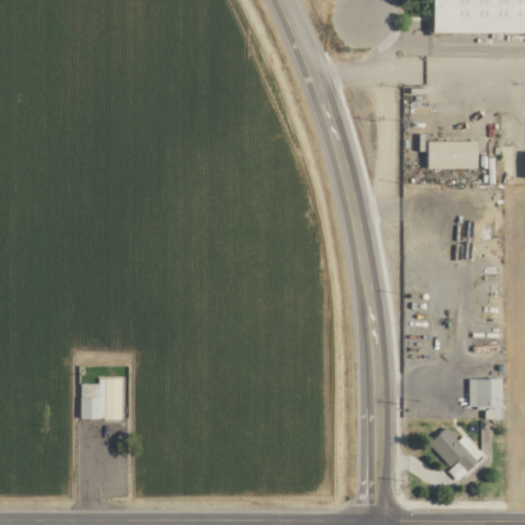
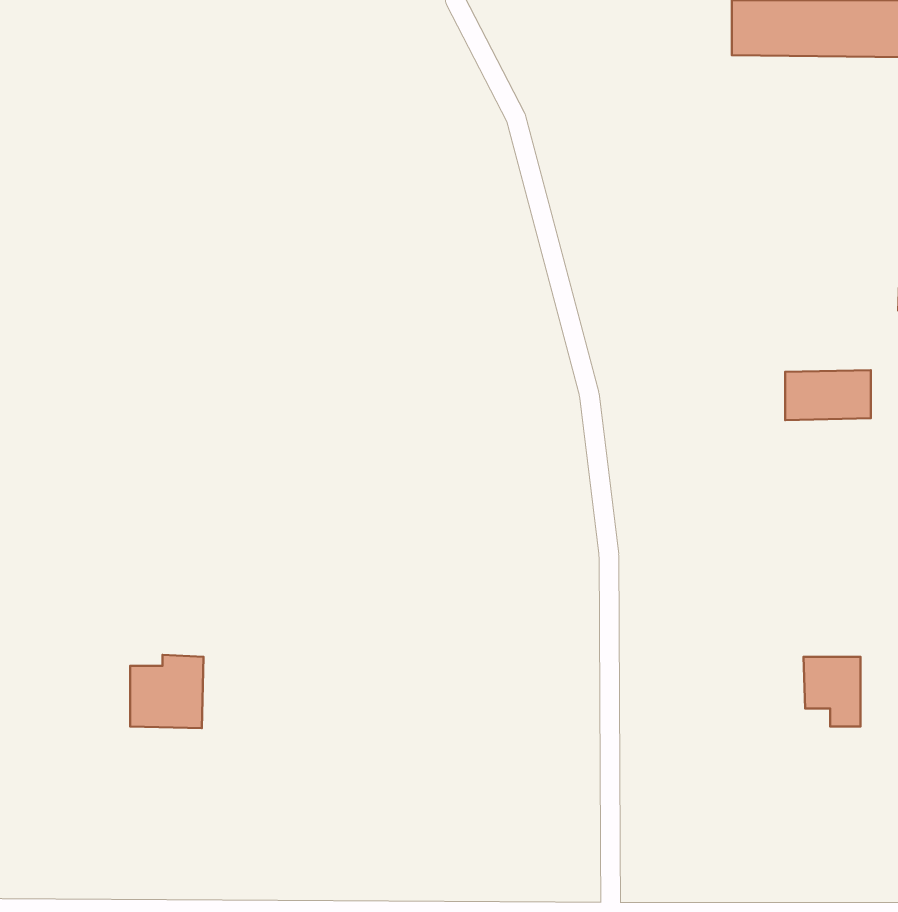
building: [426,140,475,169] -> [785,370,871,420]
building: [431,427,486,479] -> none

